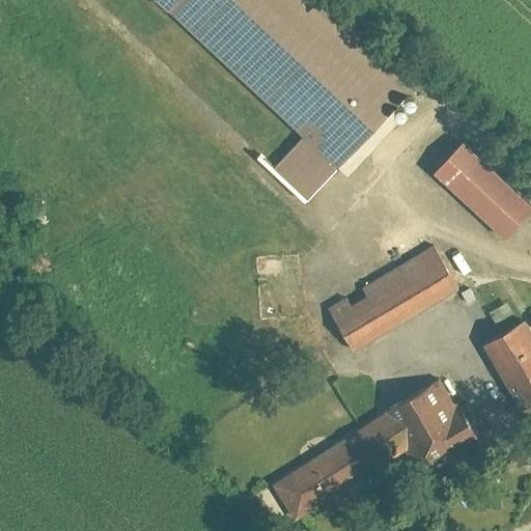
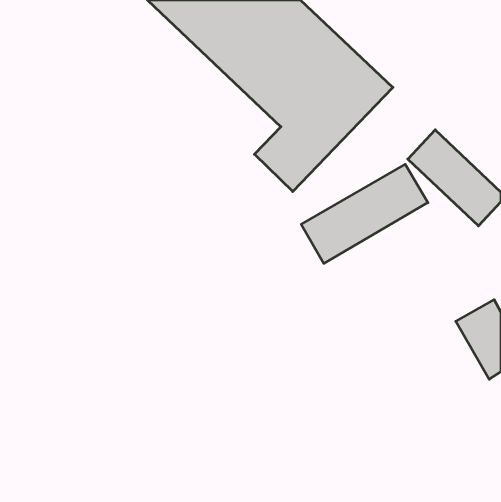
building: [324,247,457,352] -> [301,164,428,263]
building: [270,382,473,523] -> none

